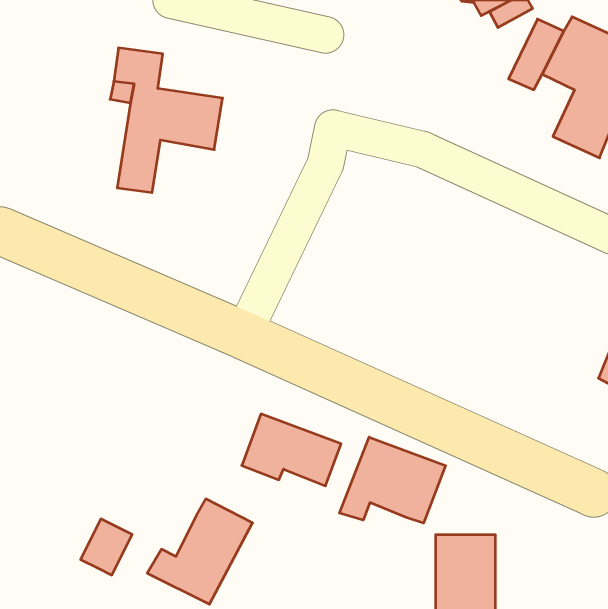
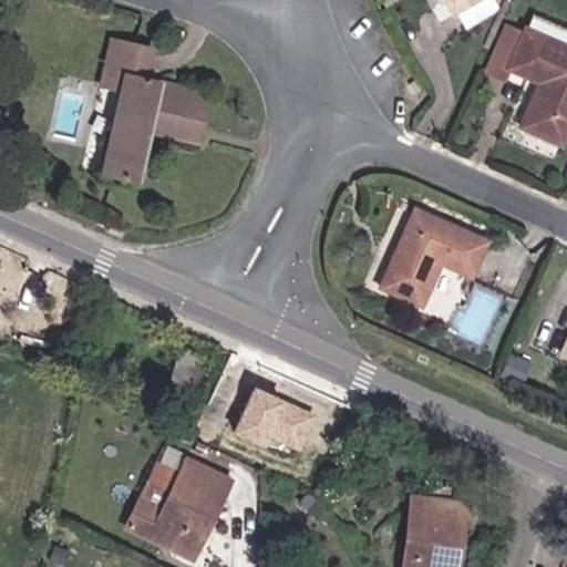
building: none -> [378,205,488,308]
building: [339,437,446,523] -> none
building: [81,519,132,575] -> [137,465,185,517]

